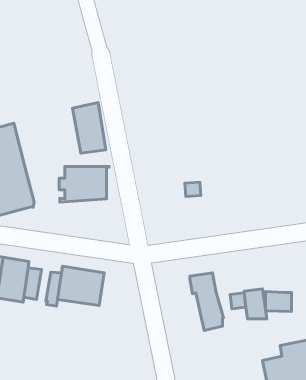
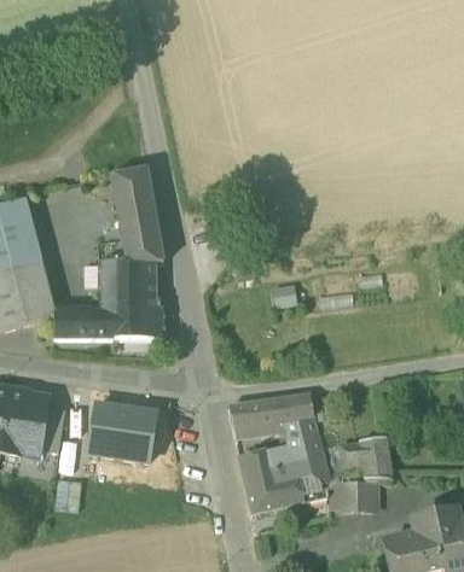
building: none -> [122,235,163,259]
building: none -> [53,307,166,338]
building: none -> [228,393,313,430]
building: [266,292,291,312] -> [337,479,375,508]
building: none -> [238,443,301,509]

